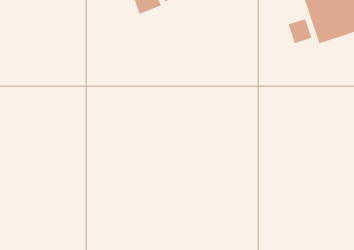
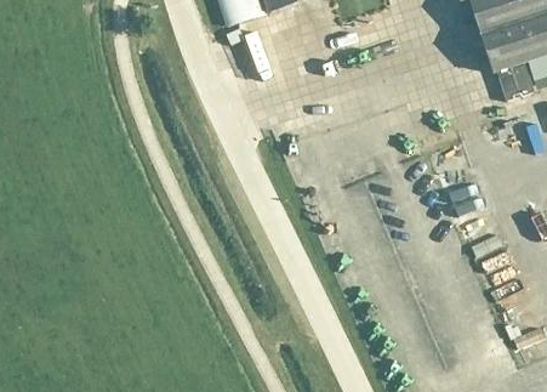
building: [287,18,313,44] -> [496,57,532,95]

